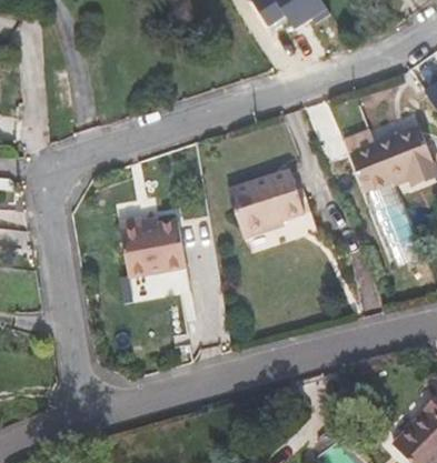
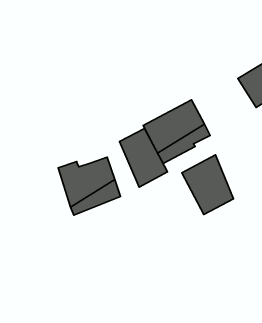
building: none -> [120,129,167,187]
building: none -> [182,155,233,214]

